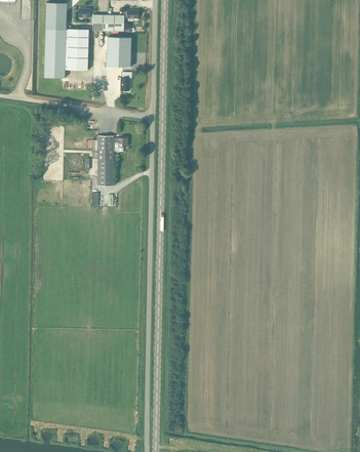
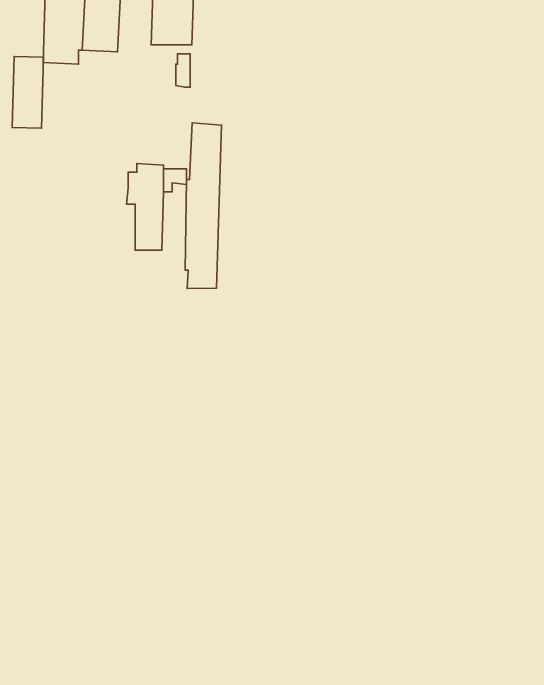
building: none -> [12,56,43,128]
building: none -> [185,123,221,288]

